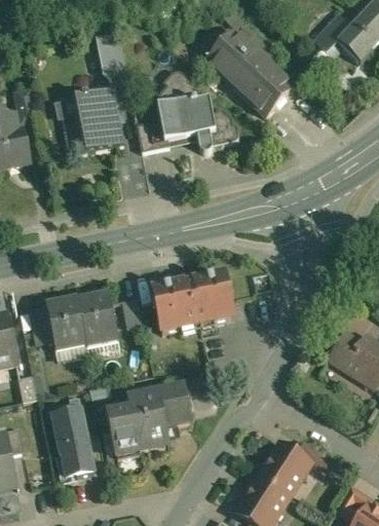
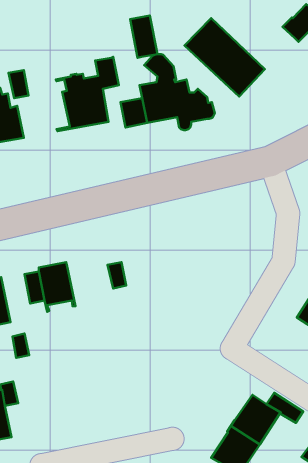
building: [97,30,126,76] -> [130,15,157,58]
building: [152,270,233,330] -> none
building: [78,292,119,345] -> none
building: [108,385,191,454] -> none
building: [52,407,93,476] -> none

